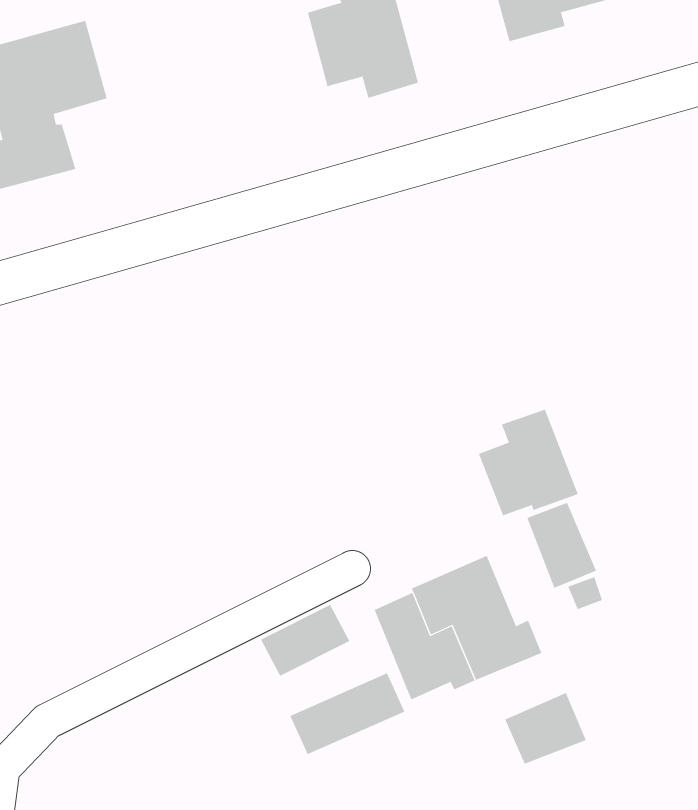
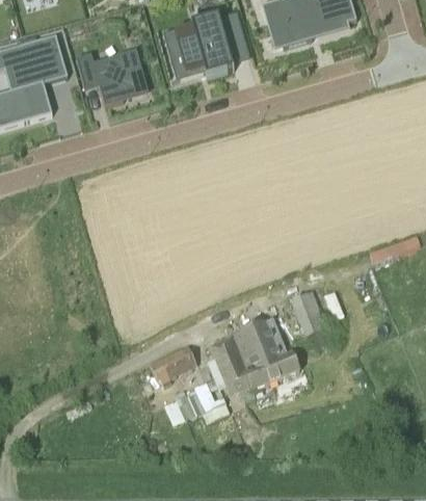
building: none -> [75,49,141,105]
building: [478,409,578,516] -> none
building: [504,692,587,764] -> none

